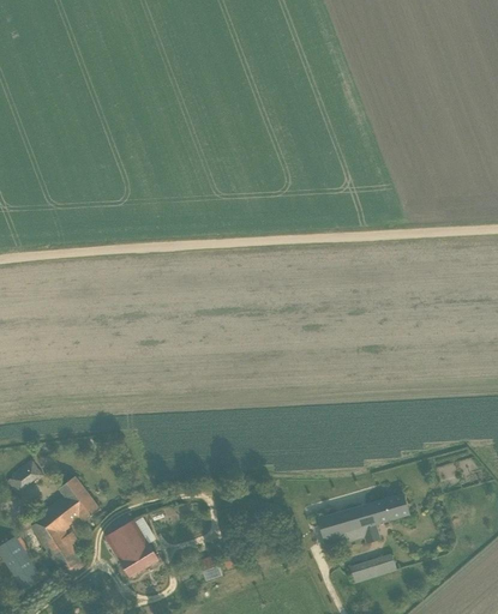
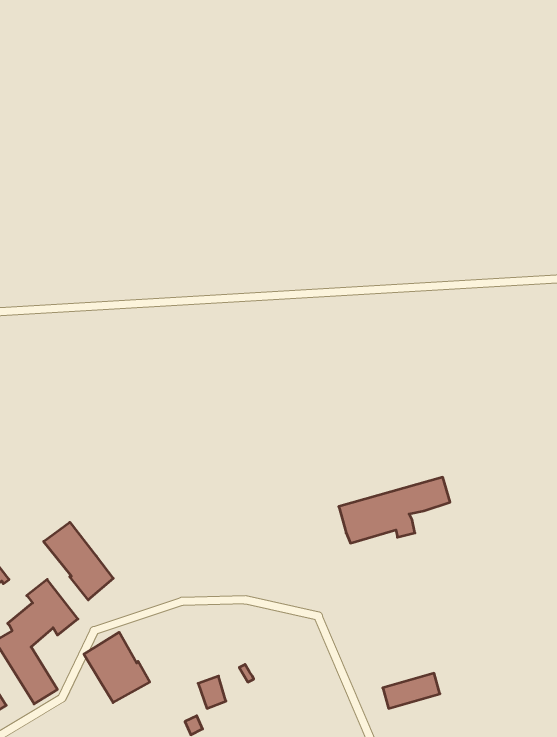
building: none -> [44,522,113,600]
building: [317,494,408,548] -> [339,477,450,543]

